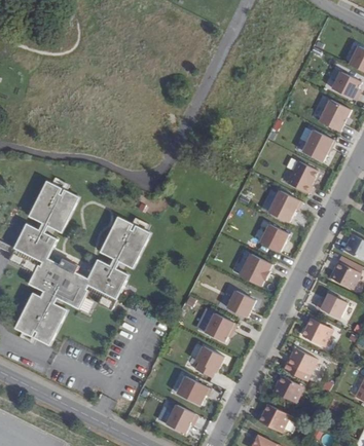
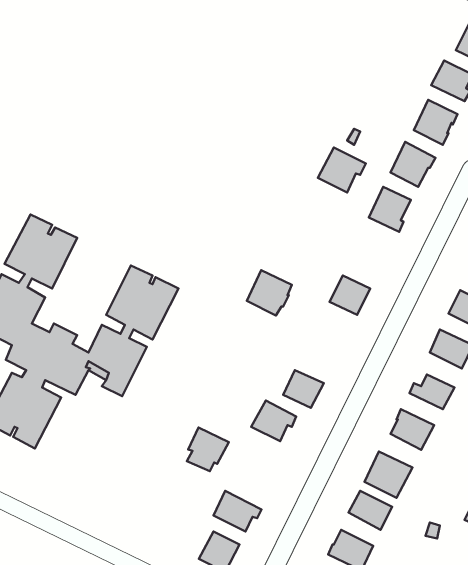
building: [266,189,300,221] -> [318,147,366,192]
building: [239,253,270,285] -> [247,270,292,315]
building: [193,345,223,376] -> [187,428,229,471]

